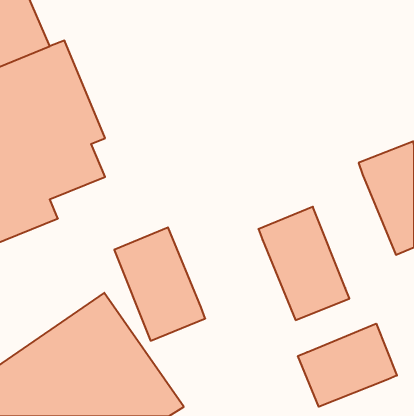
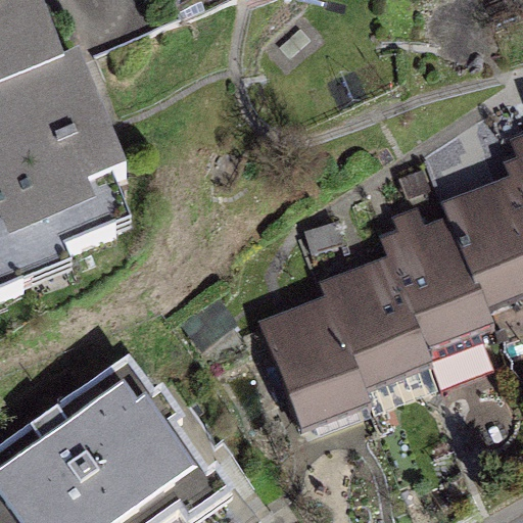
building: none -> [380,216,493,355]
building: [114,227,205,341] -> [257,296,370,436]
building: [298,324,397,407] -> none

